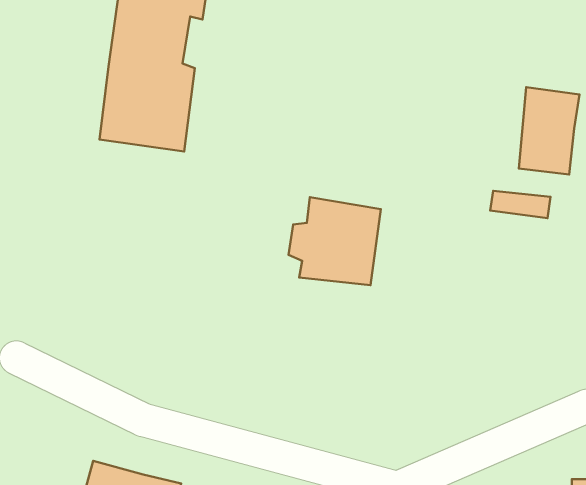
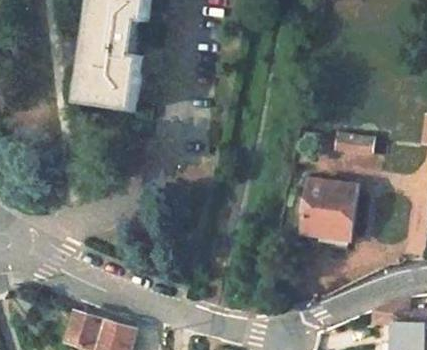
building: [519,87,580,174] -> none
building: [289,197,381,285] -> [295,180,356,238]

